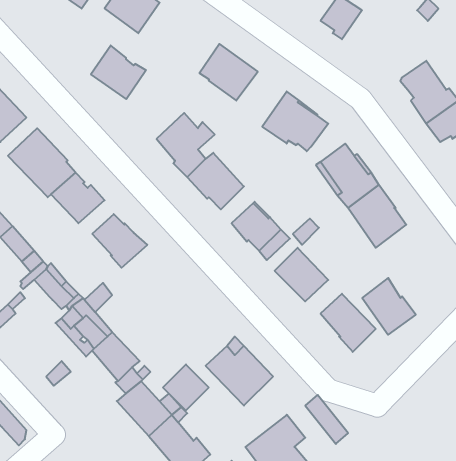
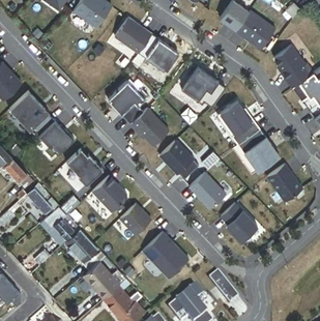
building: none -> [234,10,274,50]
building: [91,45,146,99] -> [114,18,151,54]
building: none -> [91,176,126,212]
building: [362,278,416,335] -> [266,164,302,202]
building: [163,364,209,410] -> [119,204,150,235]

